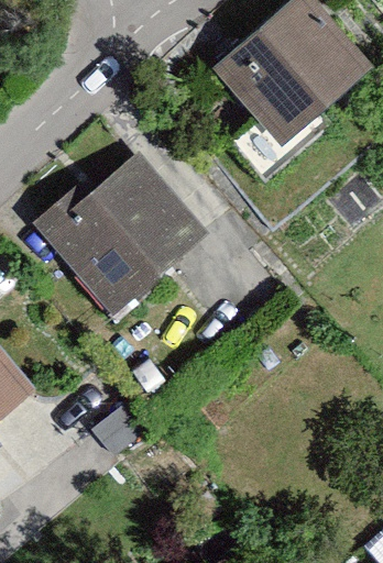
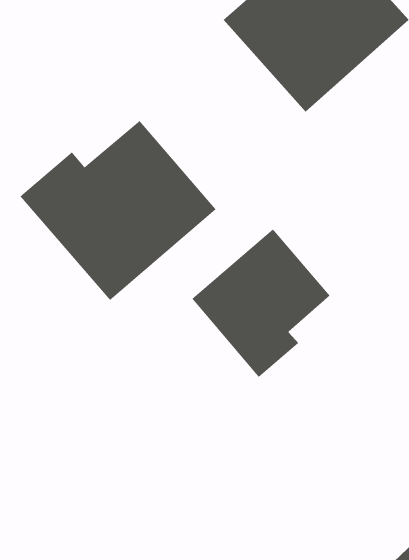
building: none -> [191,228,331,378]

